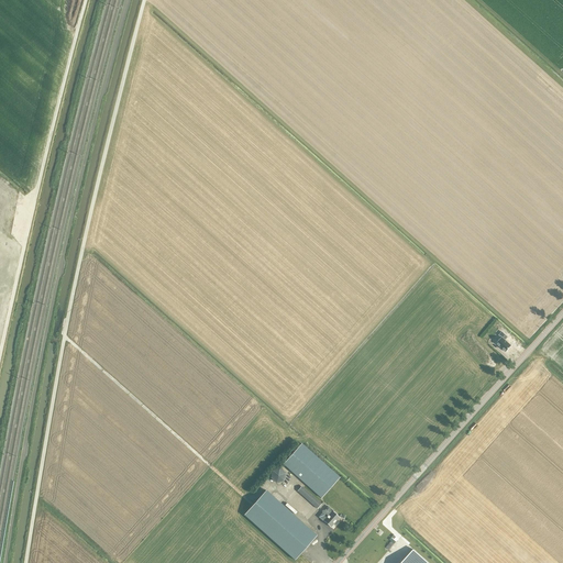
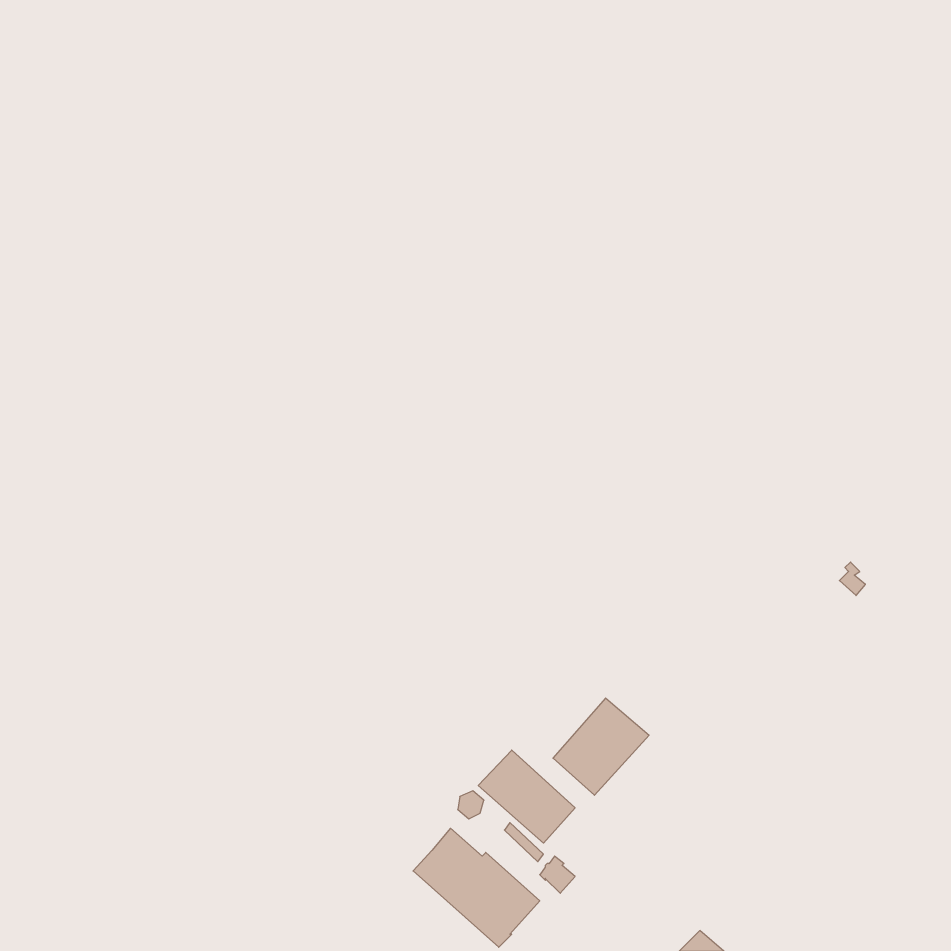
building: none -> [553,698,649,795]

